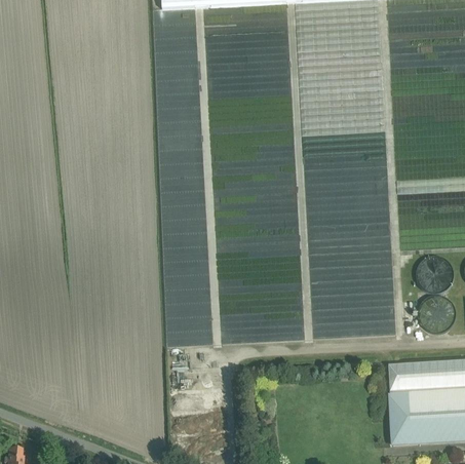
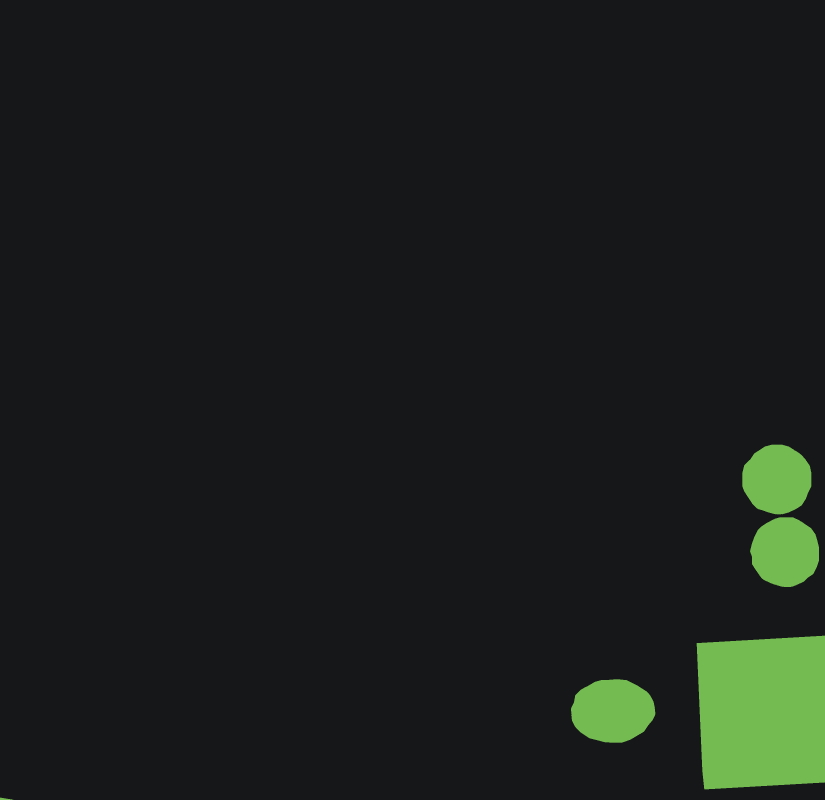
building: none -> [571,679,656,744]

